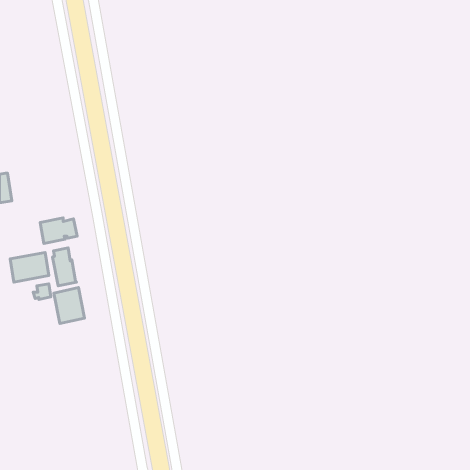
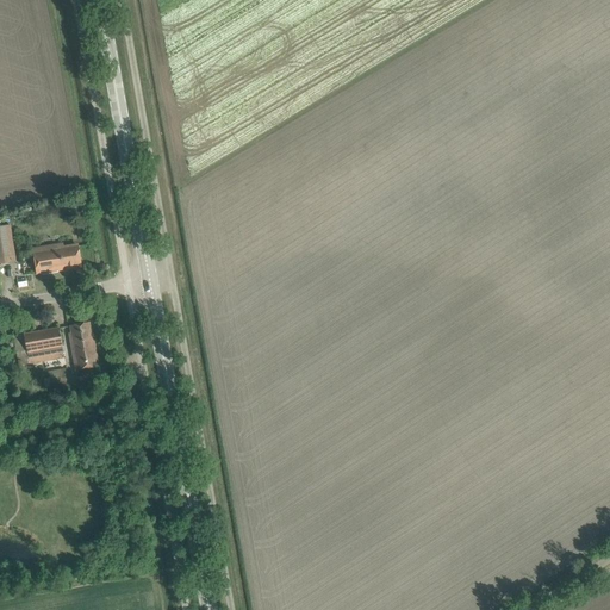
building: [40,218,77,244] -> [32,241,80,274]
building: [54,288,85,324] -> none

